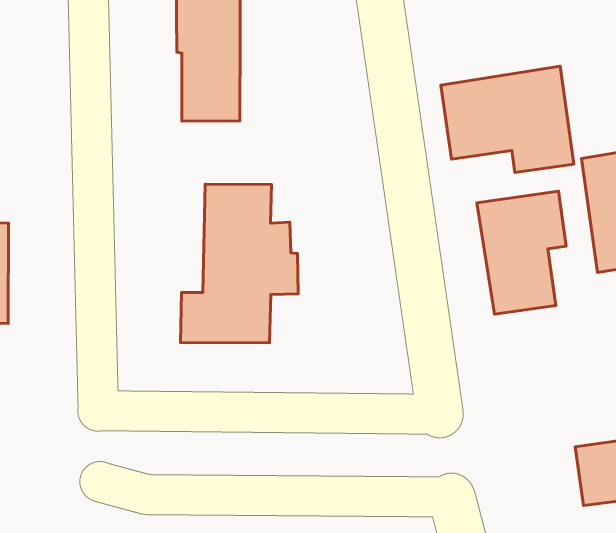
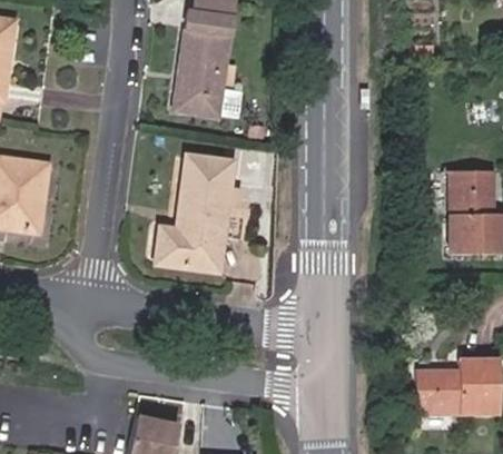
building: [441,66,574,173] -> none
building: [477,191,566,314] -> none

